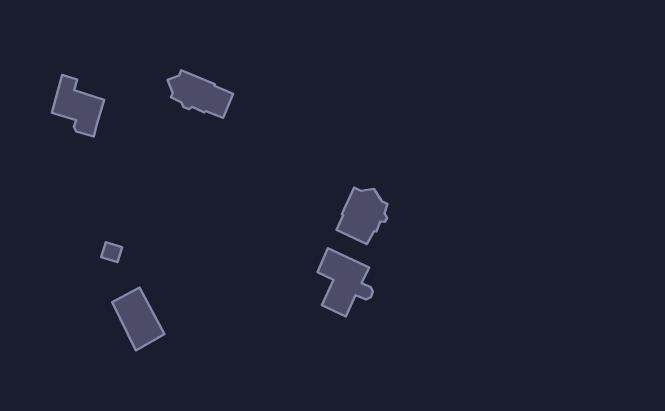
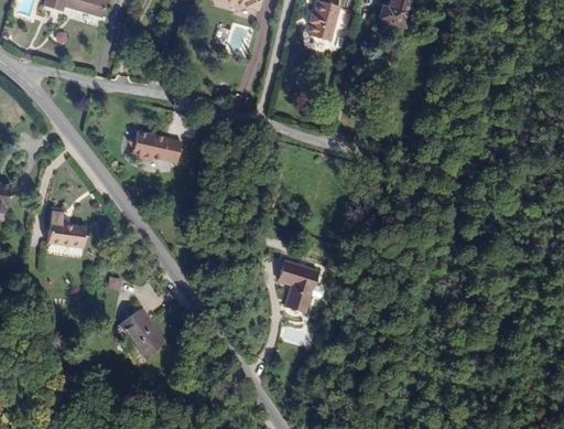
building: [52,75,104,136] -> [45,211,85,256]
building: [336,188,387,244] -> none

